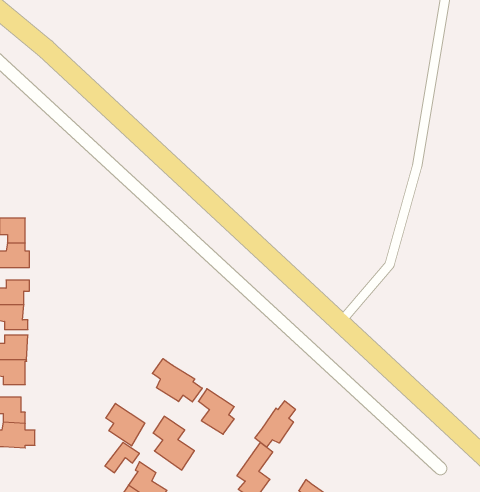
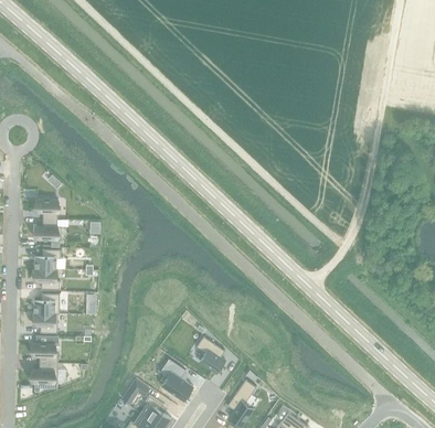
building: [152,359,202,402] -> none
building: [255,401,295,447] -> none
building: [106,403,145,446] -> none

